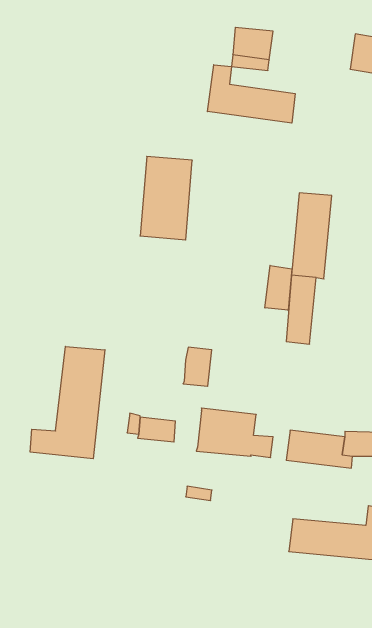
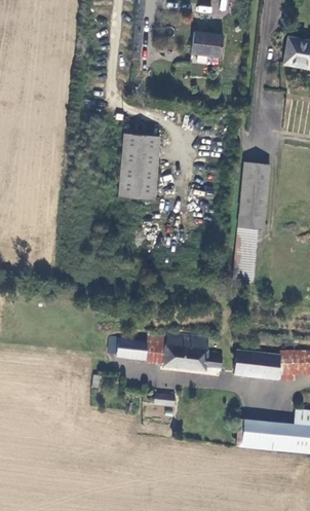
building: [207,65,295,123] -> none
building: [265,265,292,310] -> none
building: [30,346,105,459] -> none
building: [183,347,212,386] -> [145,332,167,363]

